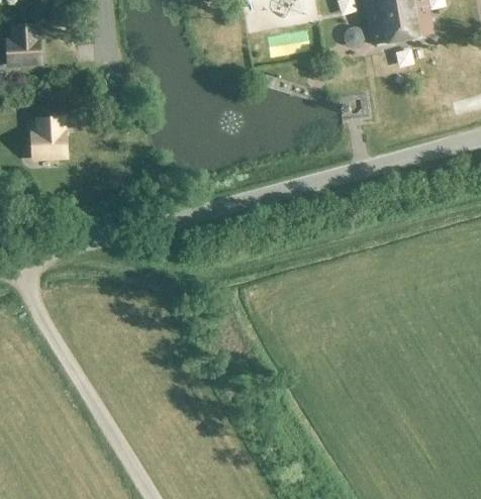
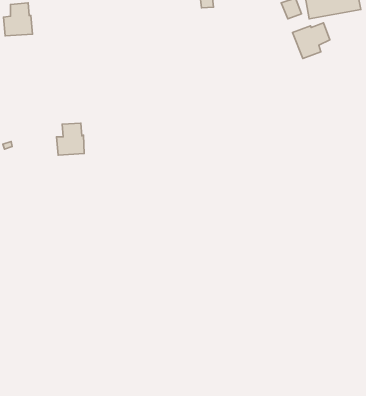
building: none -> [292,23,330,58]
building: [30,119,64,158] -> [56,123,84,155]

